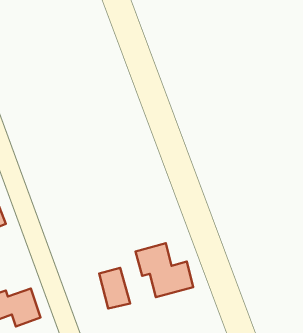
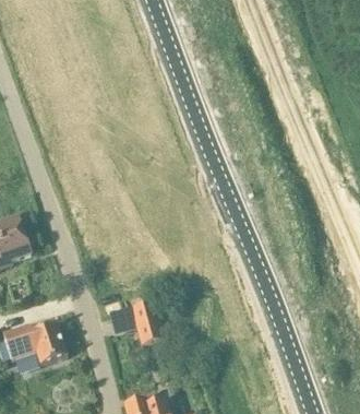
building: [135,243,193,297] -> none

